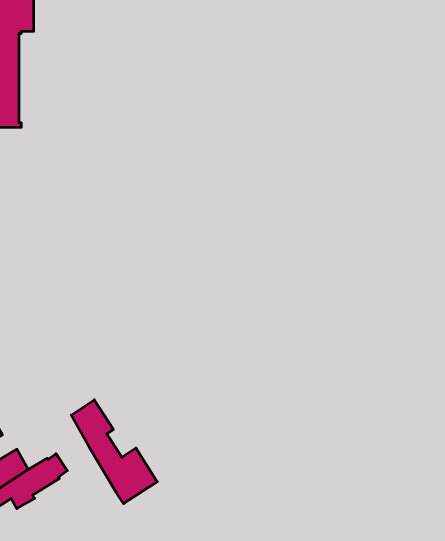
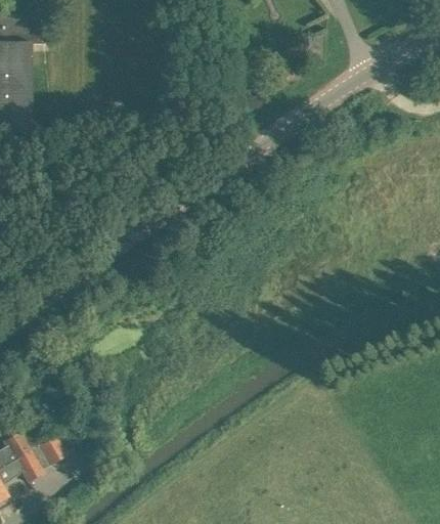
building: [71,400,157,504] -> none

